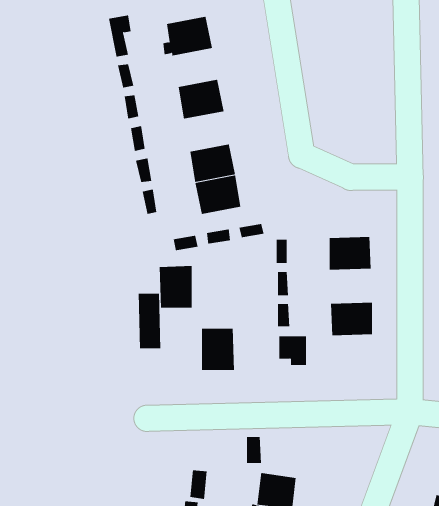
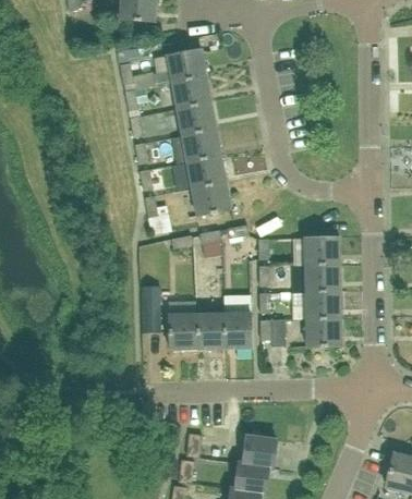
building: none -> [171,76,210,109]
building: none -> [181,130,220,163]
building: [159,266,193,308] -> [168,313,196,349]
building: none -> [304,263,341,292]
building: none -> [223,313,252,349]
building: none -> [306,318,342,346]

